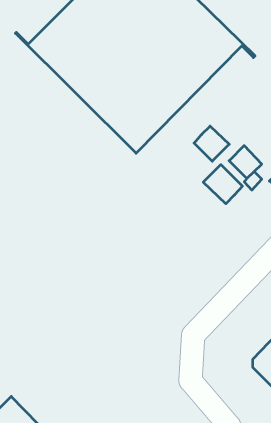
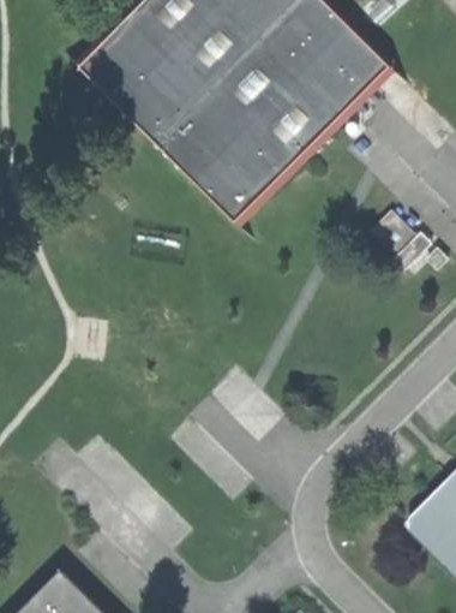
building: [194,126,229,161] -> none
building: [203,165,242,204] -> none

